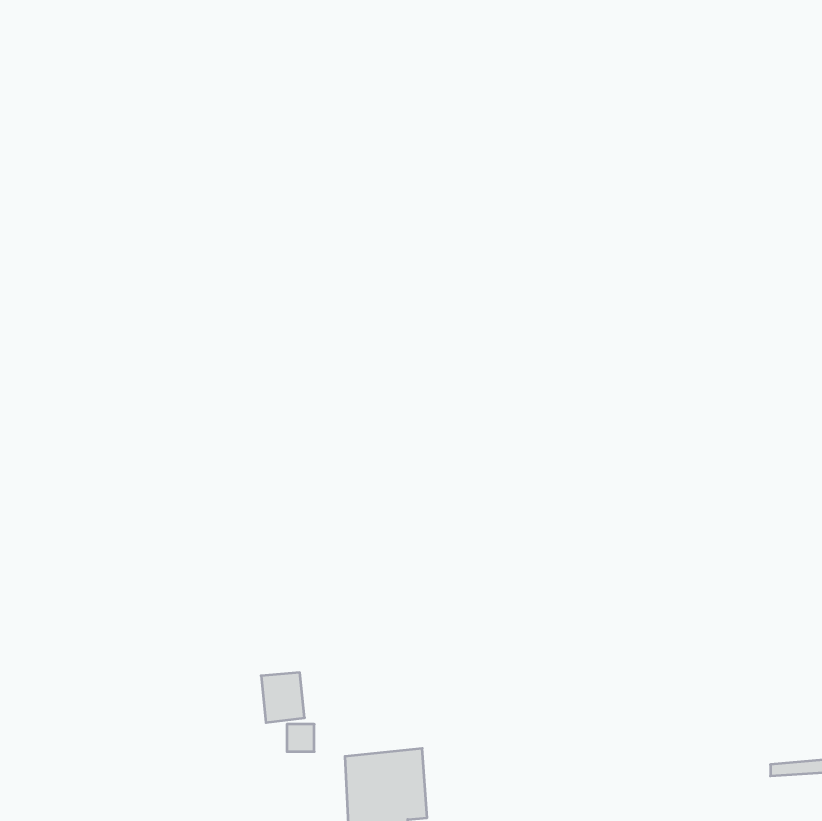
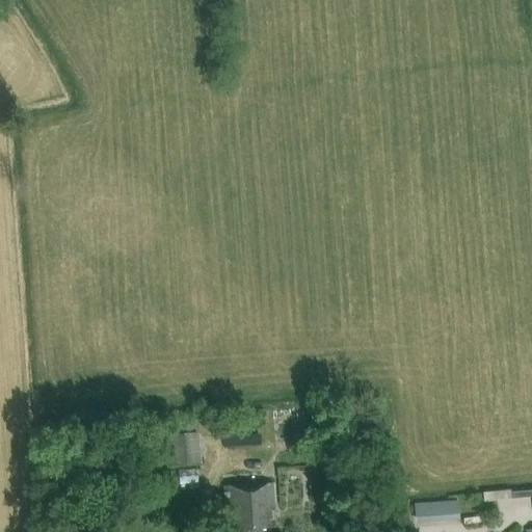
building: none -> [424,500,467,522]

